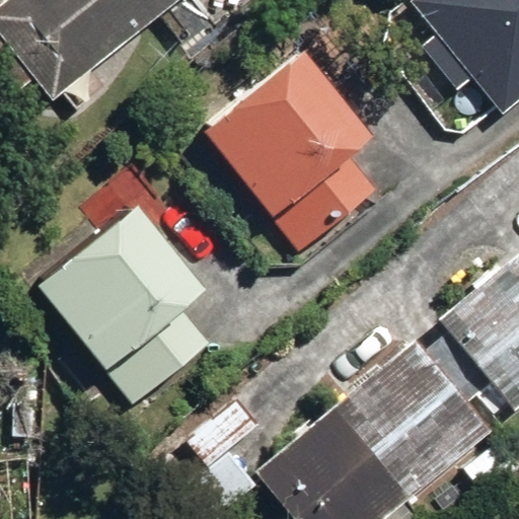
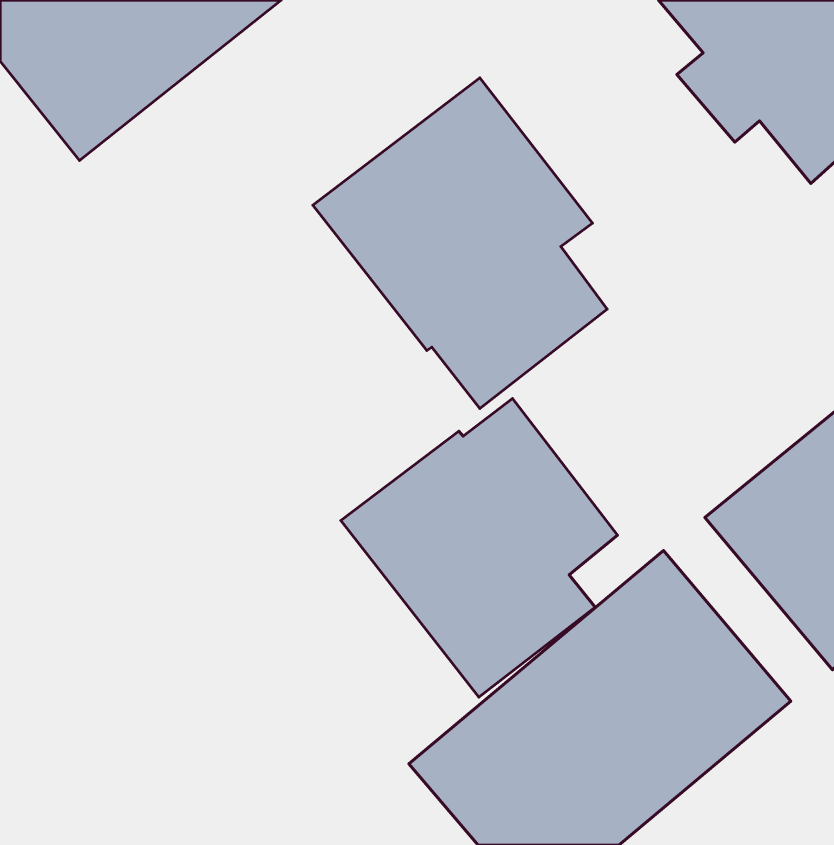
building: [35,200,214,404] -> none
building: none -> [341,399,617,697]

